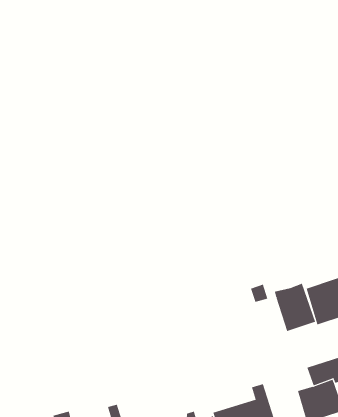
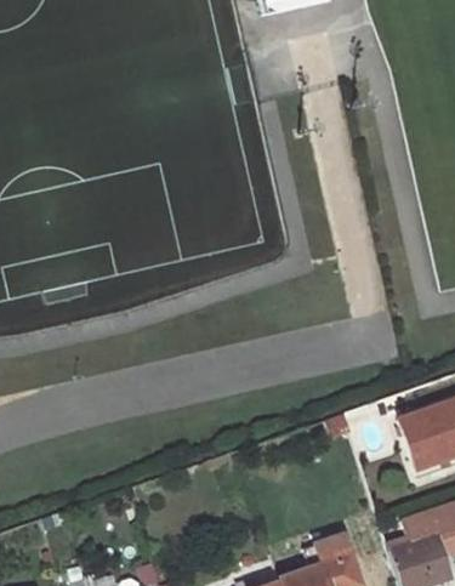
building: [274,283,316,332] -> none

